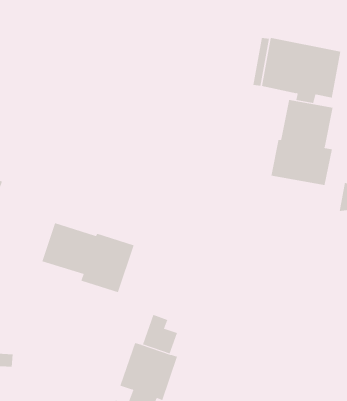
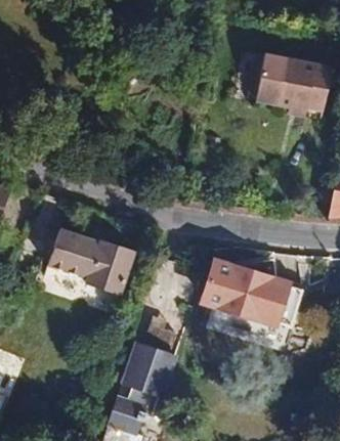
building: [271,99,333,186] -> none
building: none -> [205,263,303,327]

